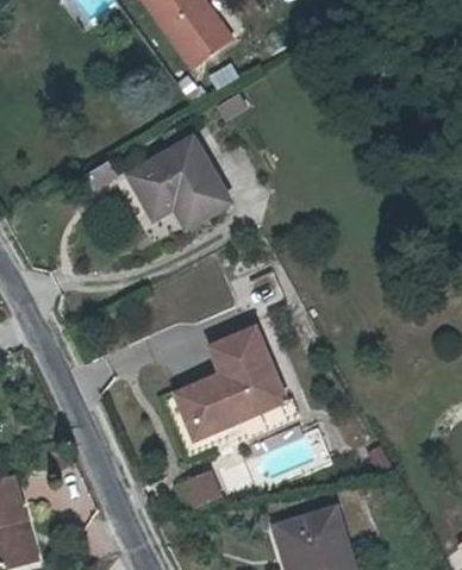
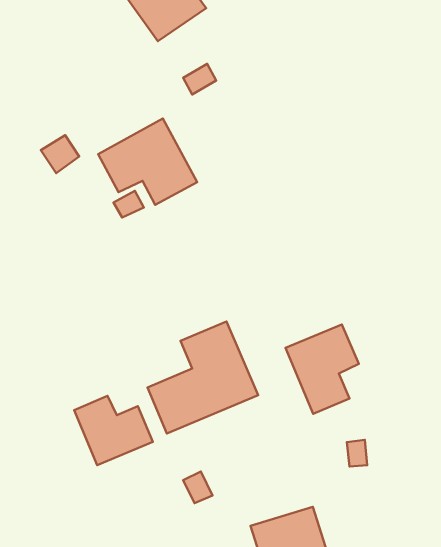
building: none -> [285,324,359,414]
building: none -> [74,396,153,465]

